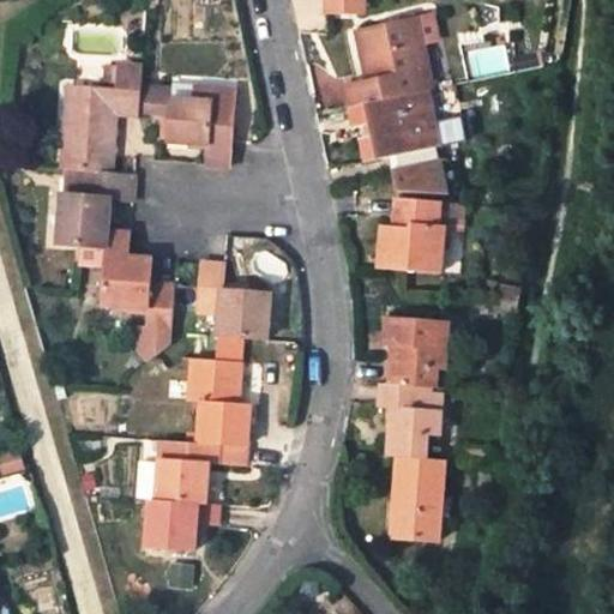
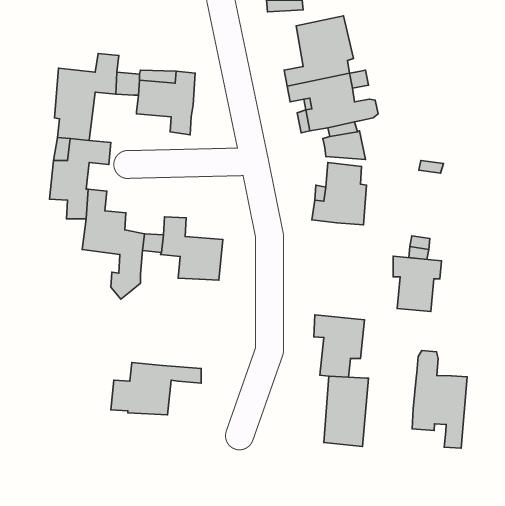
building: [387,319,446,386] -> [393,256,442,311]
building: [188,337,248,446] -> none
building: none -> [412,351,467,448]
building: [145,499,216,552] -> none

